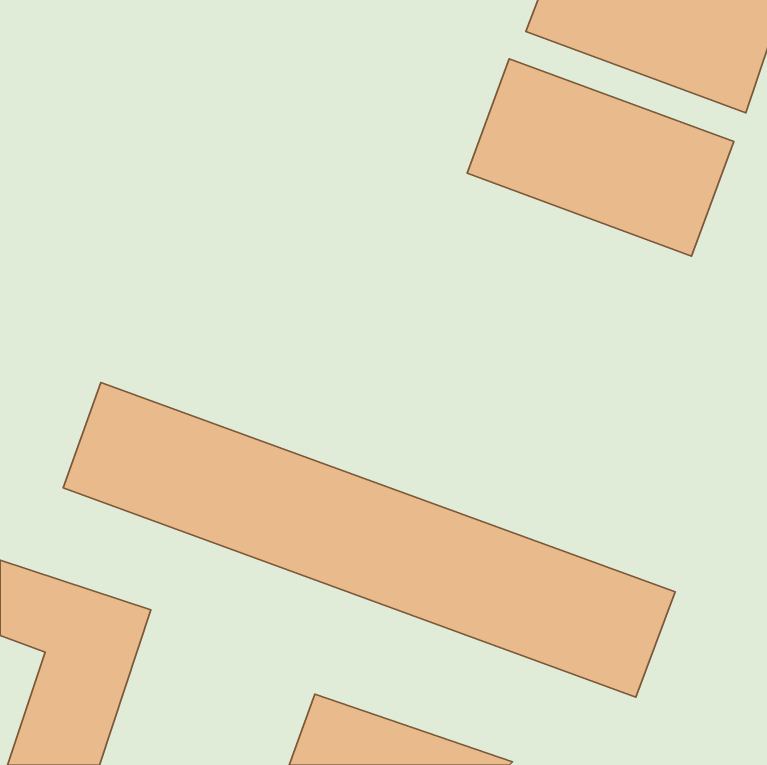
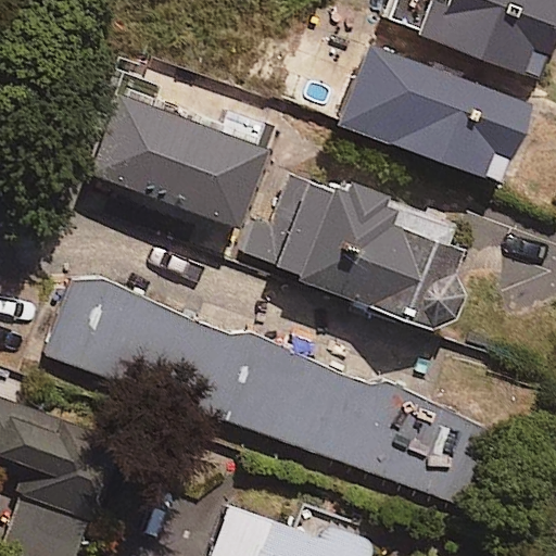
building: none -> [94,99,265,229]
building: none -> [250,168,464,331]

